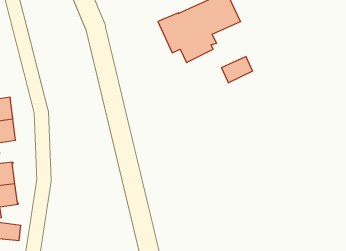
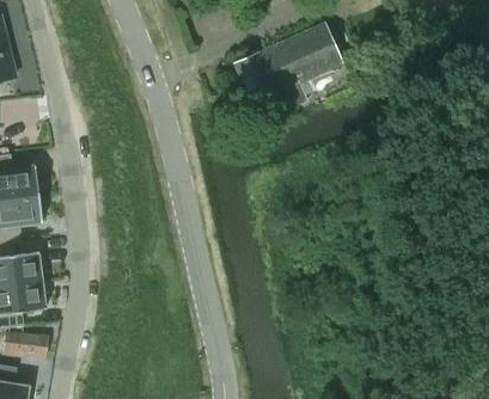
building: [221,56,253,83] -> none

